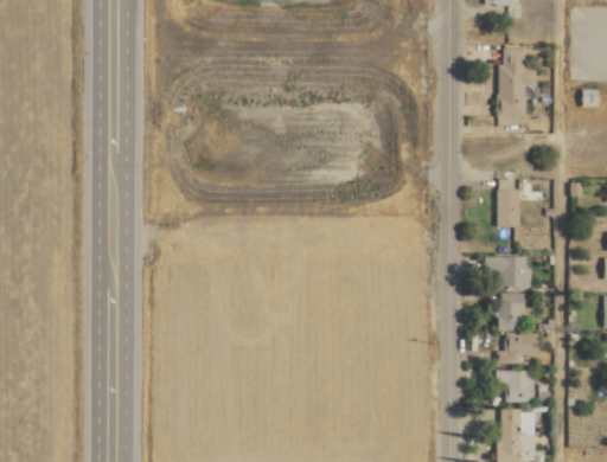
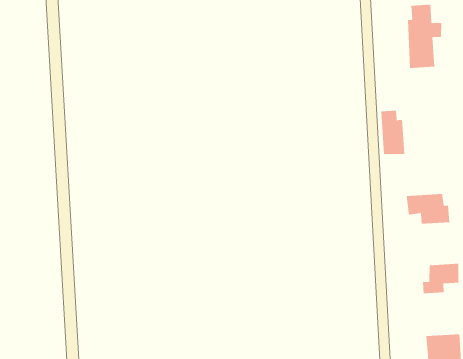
building: [497,179,520,227] -> [381,110,405,154]
building: [497,293,528,331] -> none
building: [496,371,536,403] -> none

